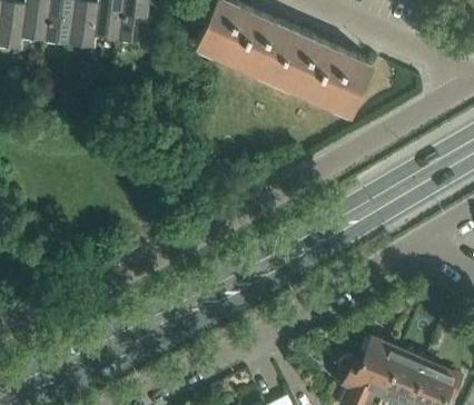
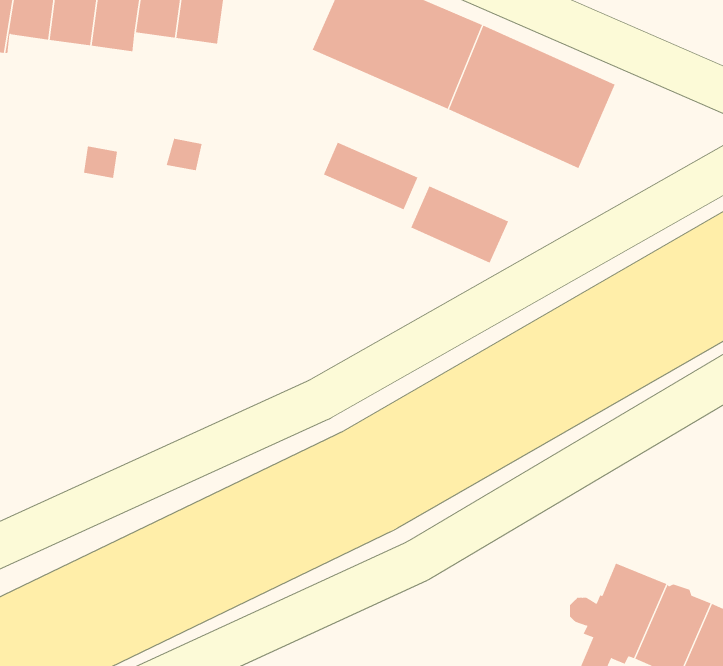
building: none -> [323,142,418,210]
building: none -> [410,185,509,263]

